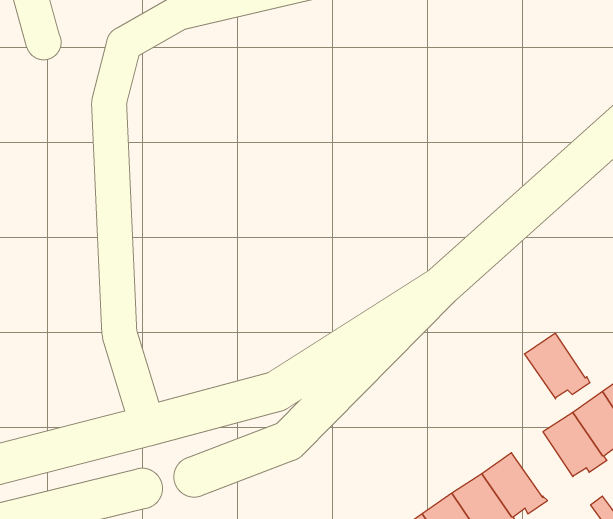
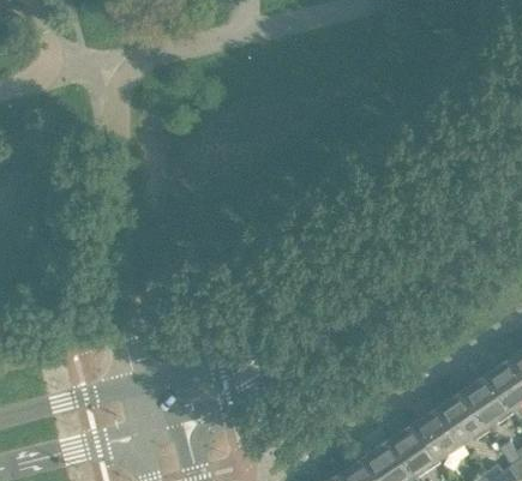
building: [524,333,590,399] -> [437,391,490,444]

